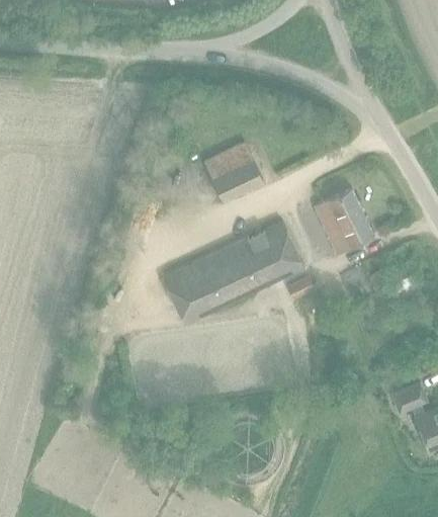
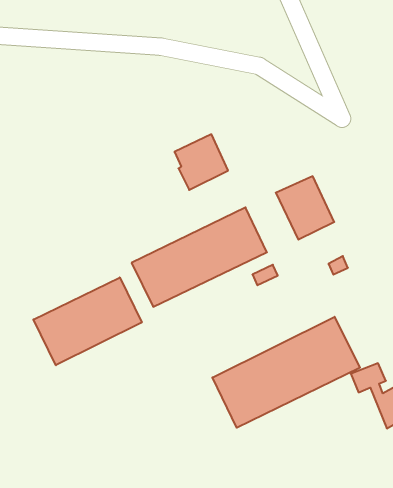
building: none -> [33,277,142,365]
building: none -> [212,317,360,428]

